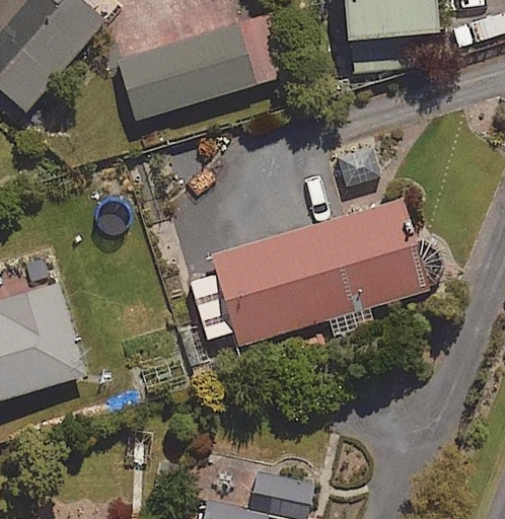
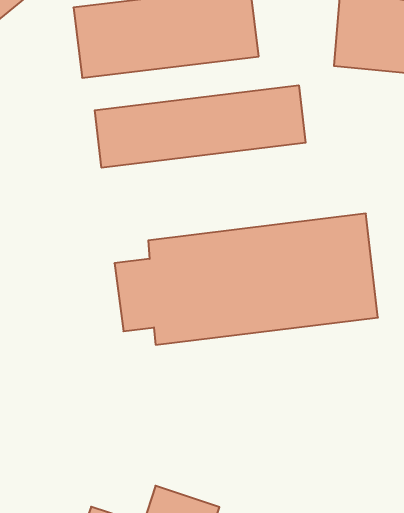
building: none -> [95,85,306,168]

